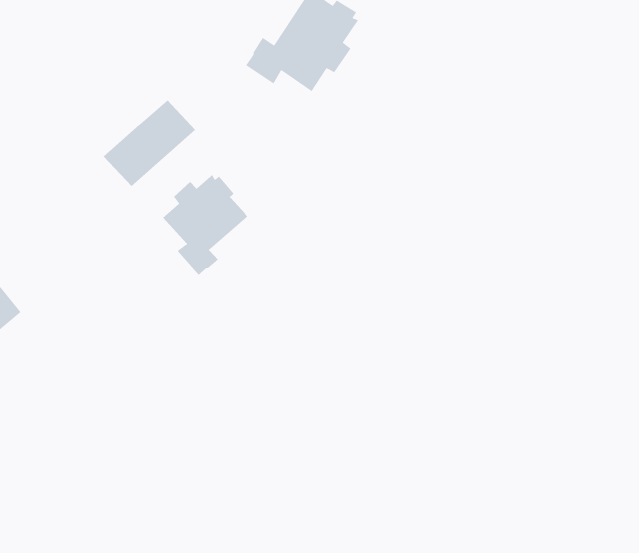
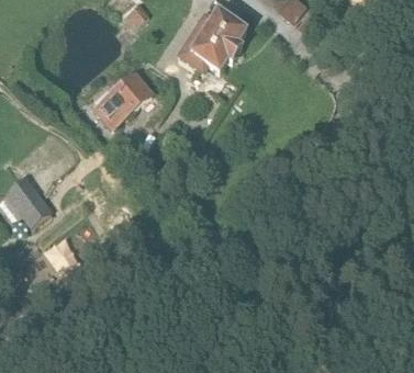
building: [162,174,248,276] -> none

